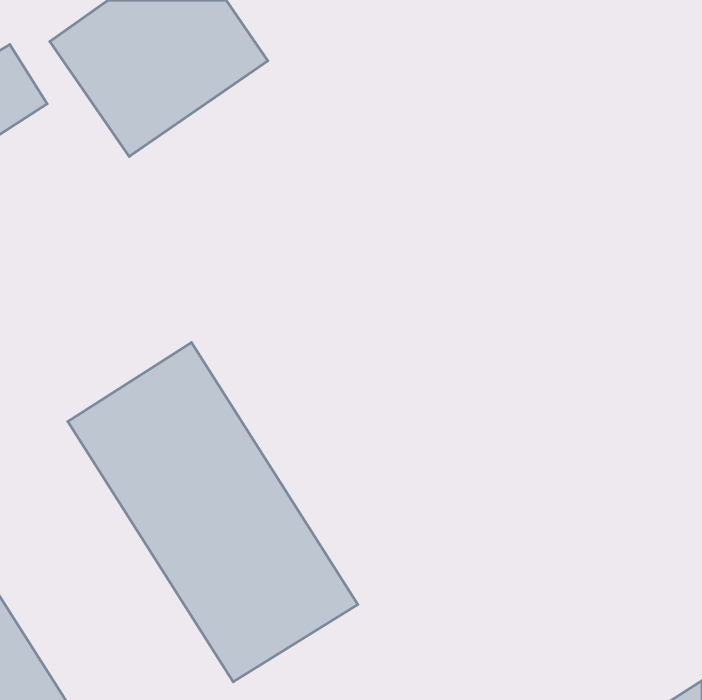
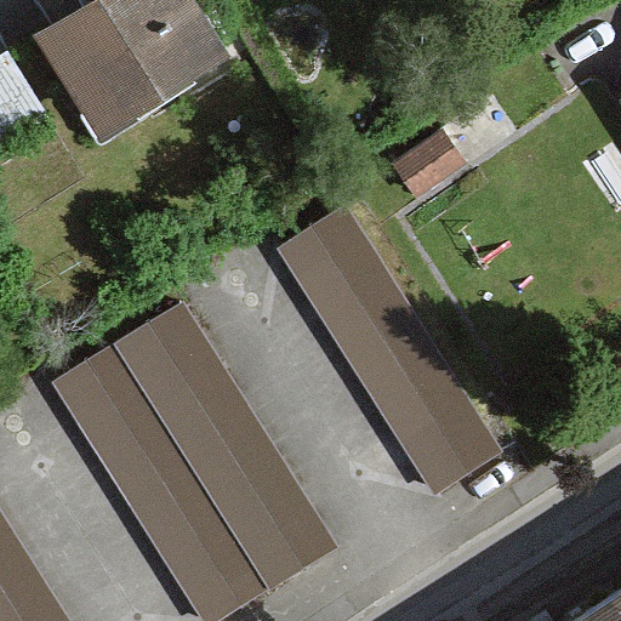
building: none -> [278,210,482,473]

